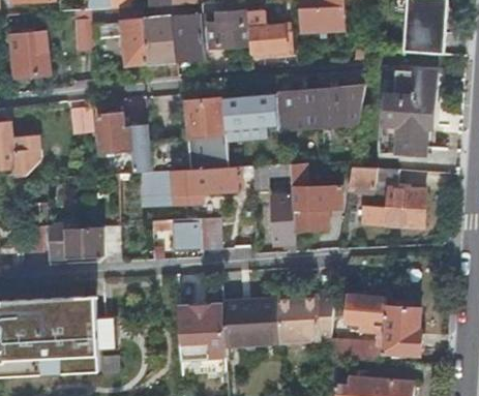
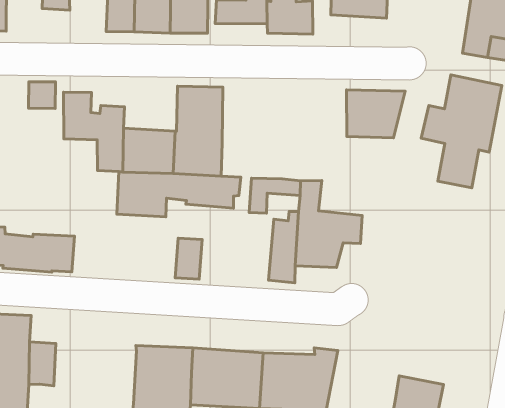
building: [276,90,323,130] -> none
building: [222,95,268,142] -> none
building: [349,165,425,226] -> none
building: [151,219,202,252] -> none
building: [343,294,385,327] -> none

